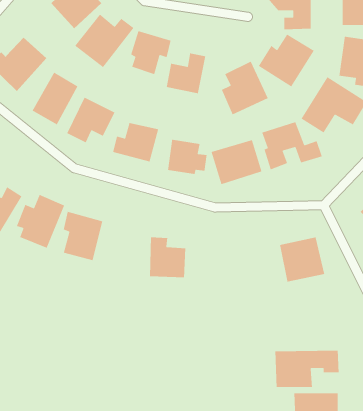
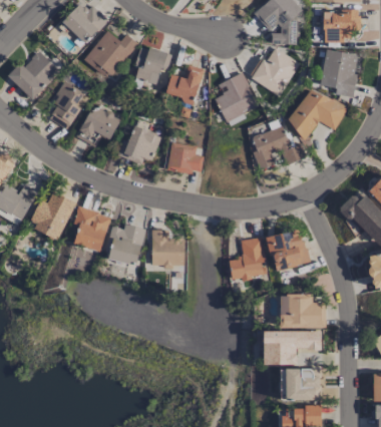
building: [210,139,263,185] -> none
building: none -> [105,224,146,266]
building: none -> [230,238,266,280]
building: none -> [280,294,326,328]

